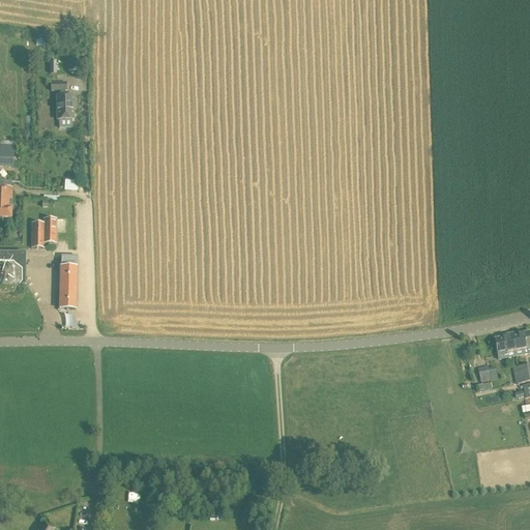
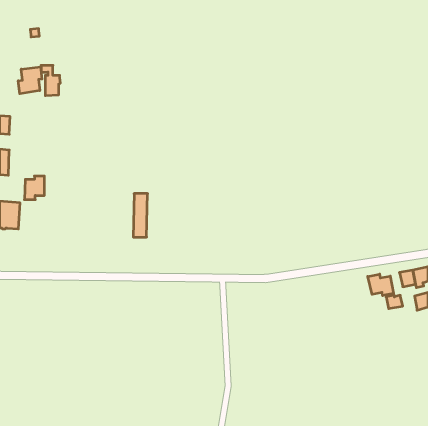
building: none -> [18,67,42,94]
building: [59,254,77,307] -> [133,194,148,237]
building: none -> [368,274,394,296]

